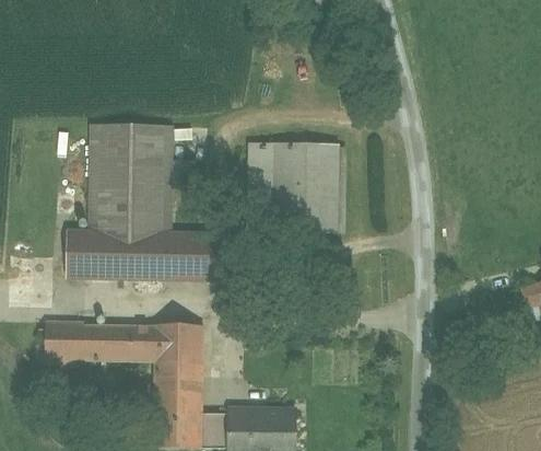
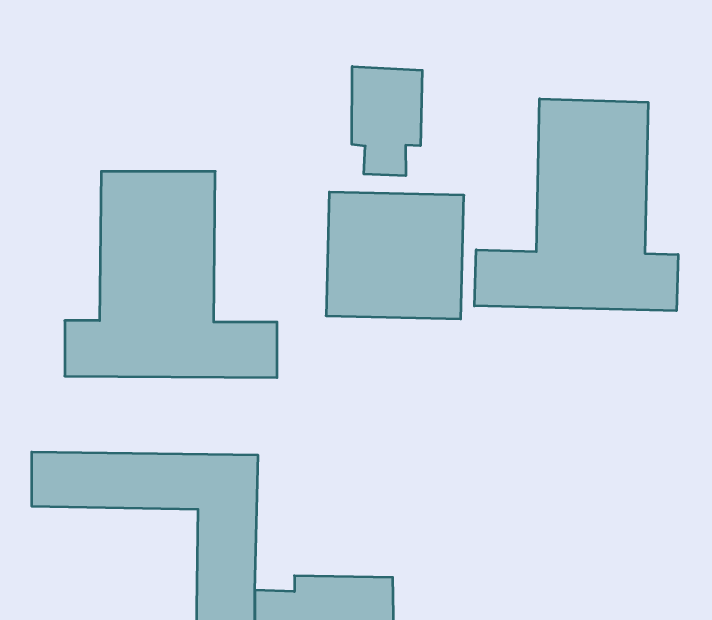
building: none -> [352,66,422,176]
building: none -> [474,99,678,311]

